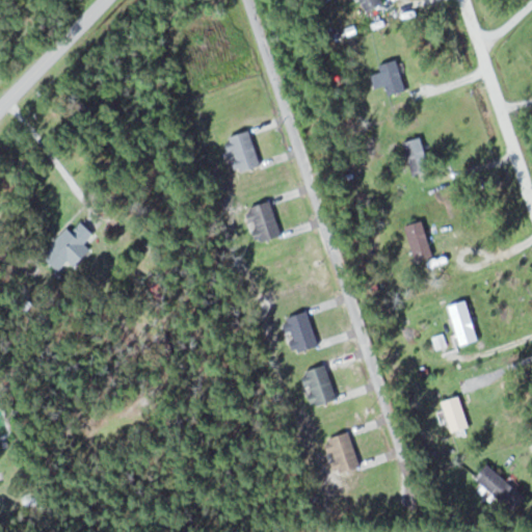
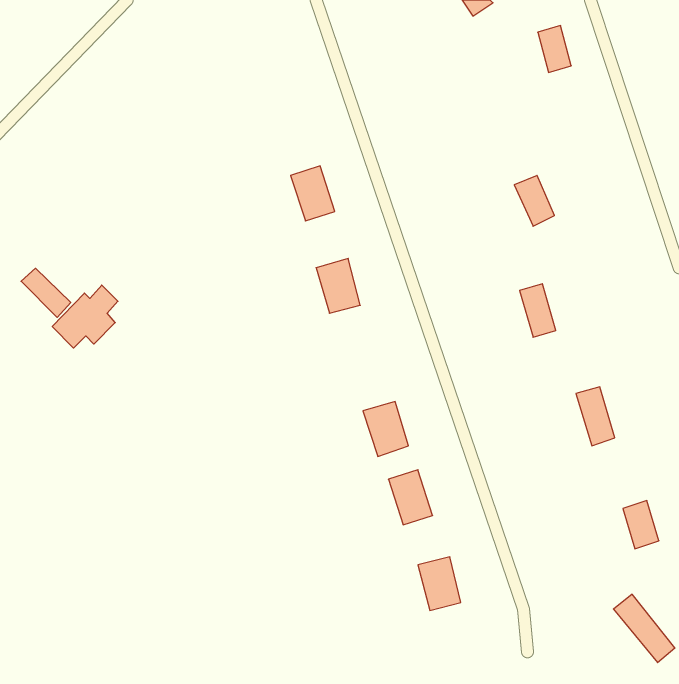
building: [378,59,404,96] -> [538,26,571,72]
building: none -> [21,268,71,317]
building: [440,395,468,432] -> [623,501,659,549]

